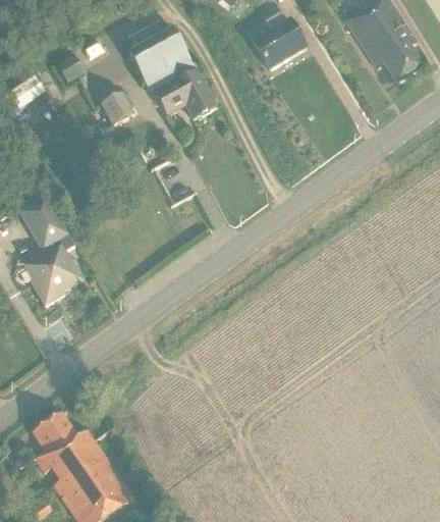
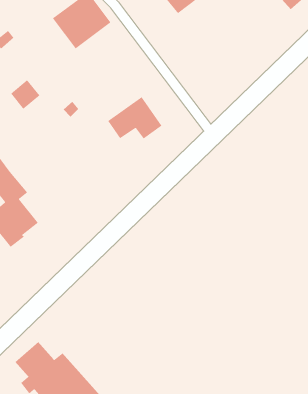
building: [155,68,216,117] -> [107,96,163,140]
building: [101,93,134,126] -> [10,79,40,110]

